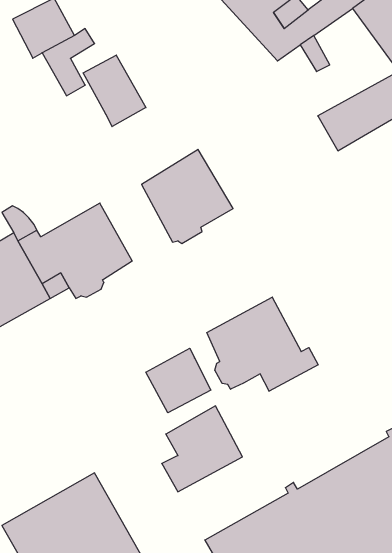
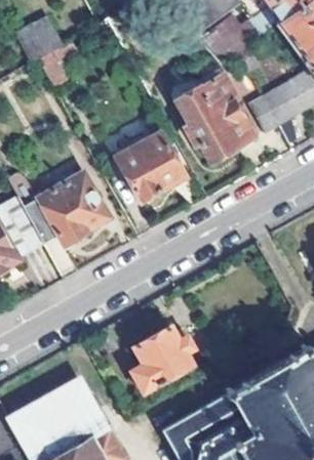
building: [83,55,146,127] -> none
building: none -> [174,74,253,164]
building: [207,297,318,391] -> none
building: [146,348,211,413] -> none

